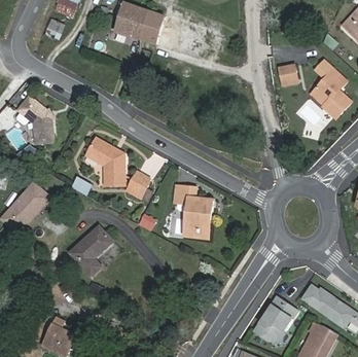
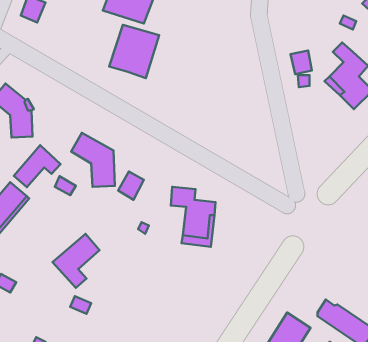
building: none -> [109,25,159,78]
building: none -> [14,145,60,187]

